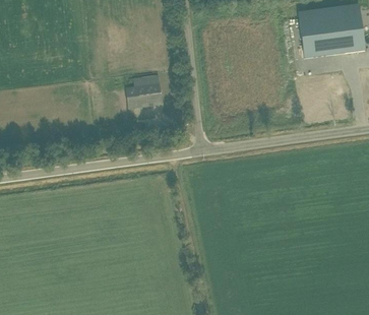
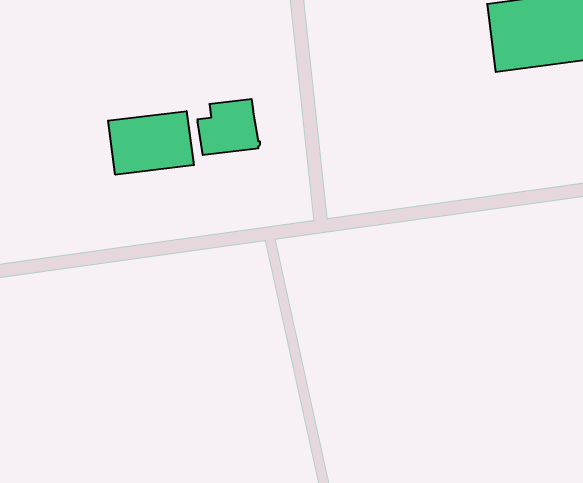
building: none -> [108,111,194,175]

